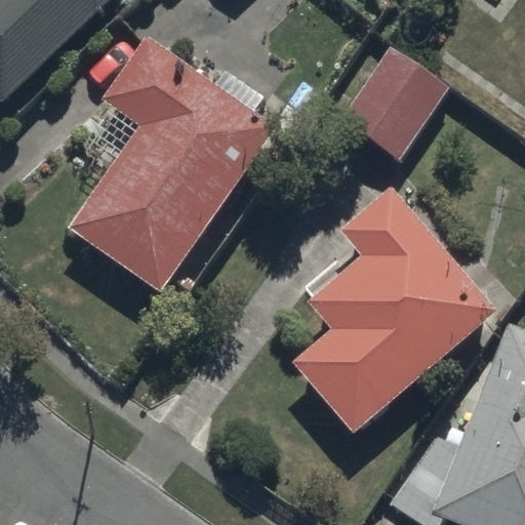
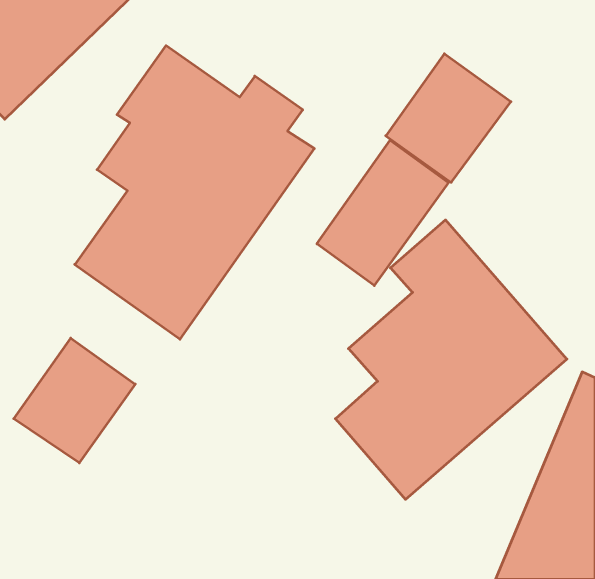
building: none -> [317,140,449,286]
building: none -> [14,338,135,463]

